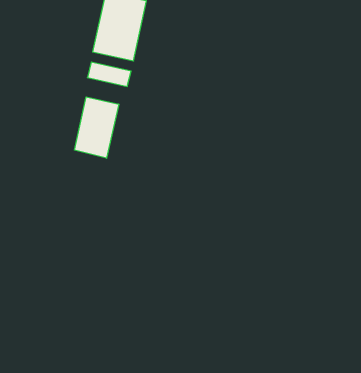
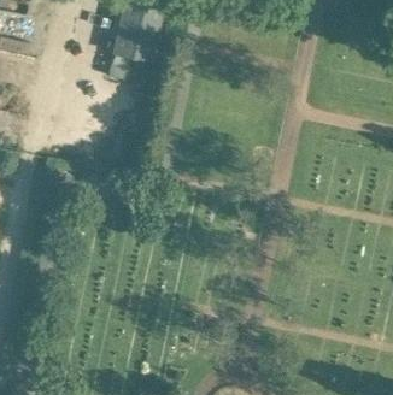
building: [75,97,119,158] -> none

